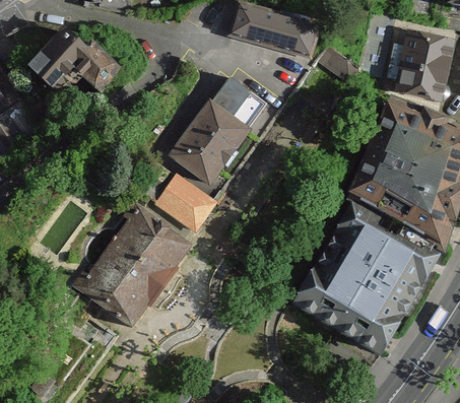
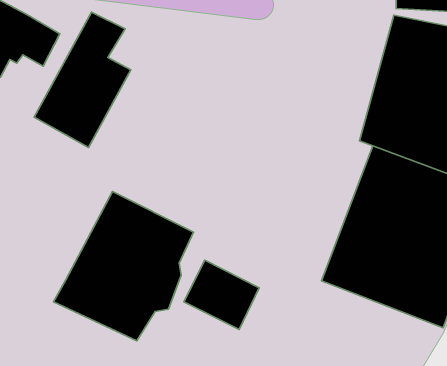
building: [167,77,254,188] -> [34,12,131,147]
building: [153,173,217,234] -> [184,260,259,330]

